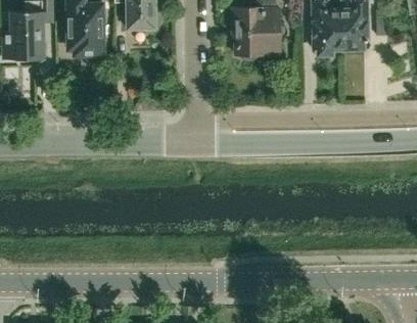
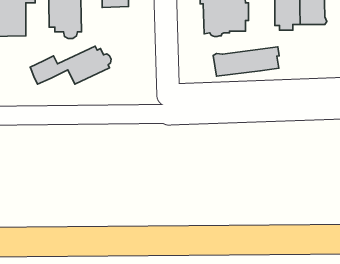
building: none -> [30,46,111,84]
building: none -> [213,47,279,76]

